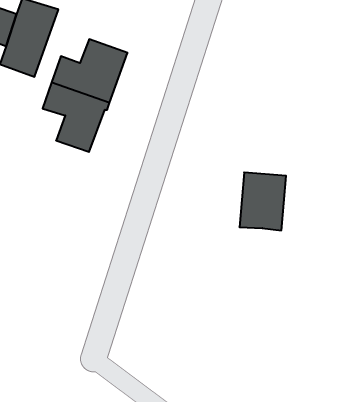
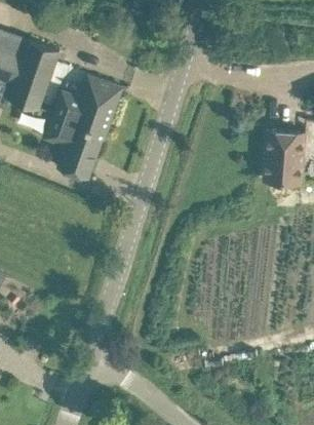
building: [239,172,286,230] -> [264,128,306,181]

